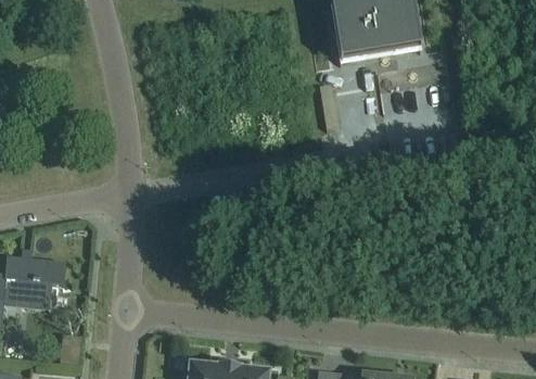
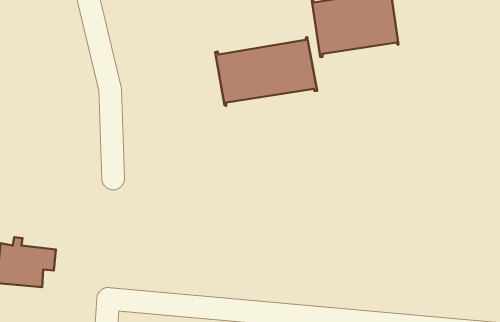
building: none -> [215,37,317,106]

